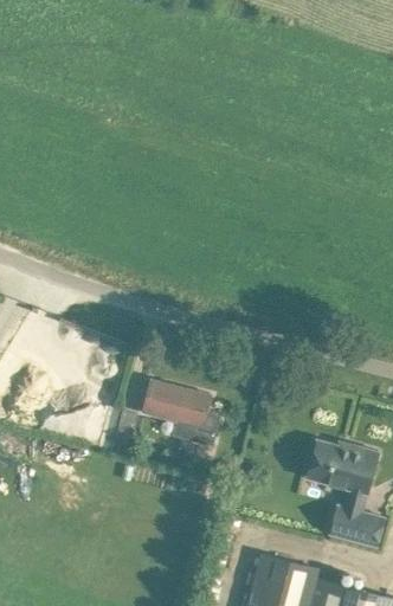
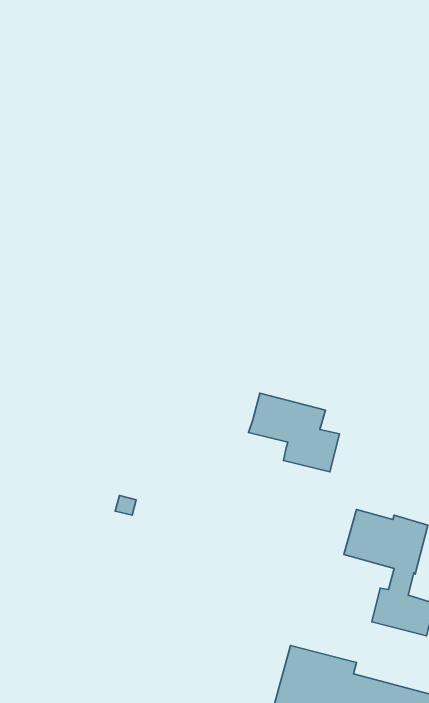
building: [143,380,220,446] -> [248,393,340,472]

